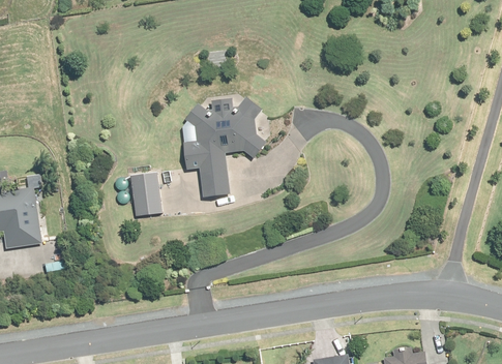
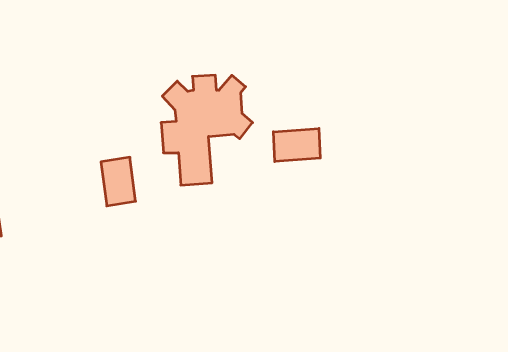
building: none -> [273,128,320,162]

